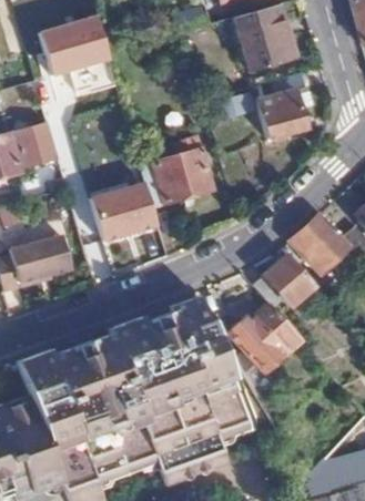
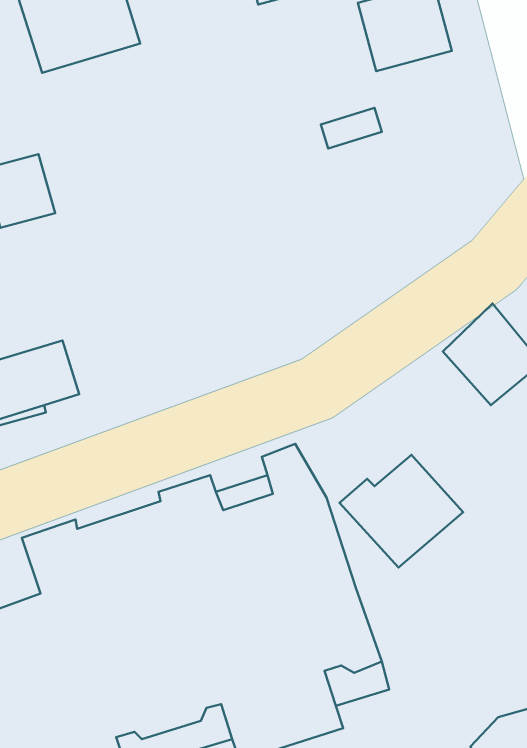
building: [253,73,307,140] -> none
building: [143,152,211,207] -> none
building: [89,182,155,243] -> none
building: [242,255,313,305] -> none

